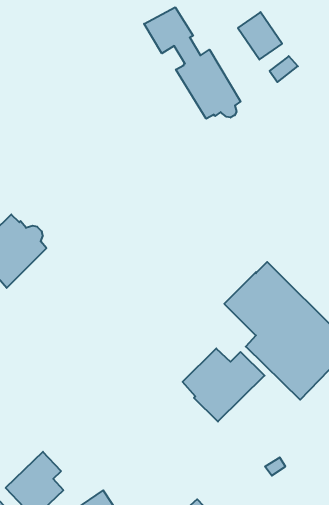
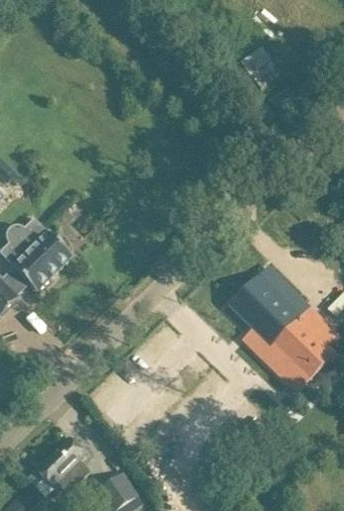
building: [144,7,241,119] -> none
building: [183,348,265,422] -> none

